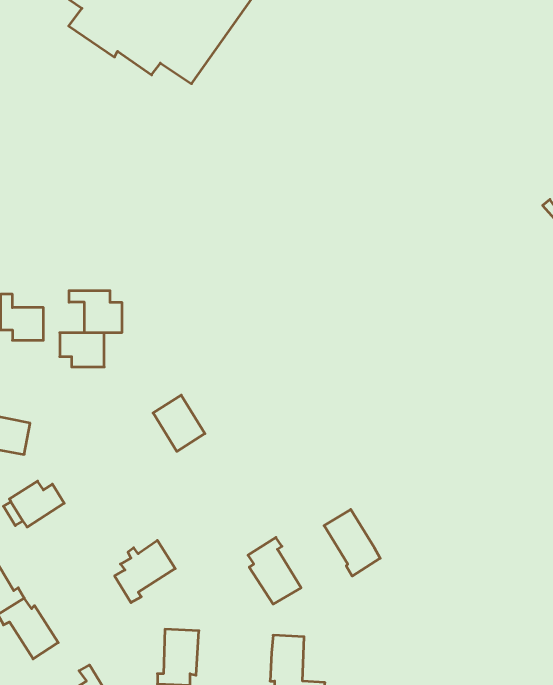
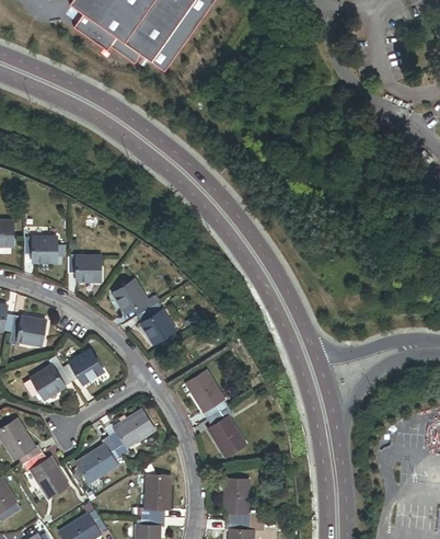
building: [69,291,122,333] -> none
building: none -> [114,280,158,316]
building: none -> [62,352,103,385]
building: [324,509,380,576] -> [186,371,228,421]
building: none -> [76,436,126,483]

